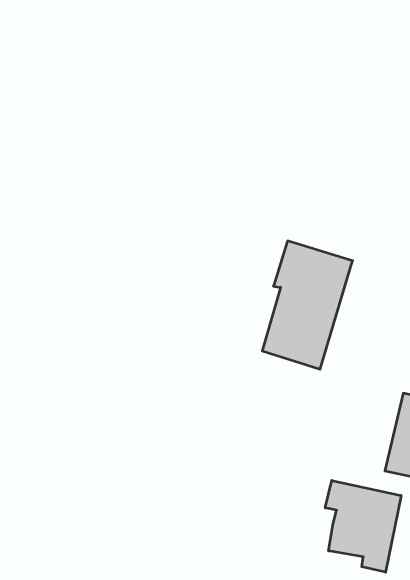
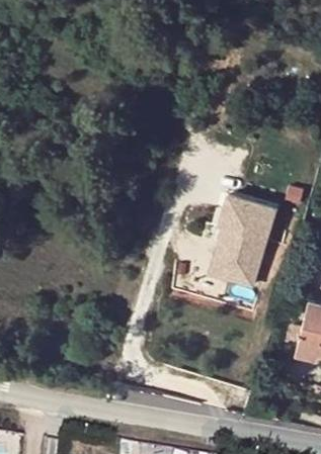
building: [325,480,401,572] -> none

